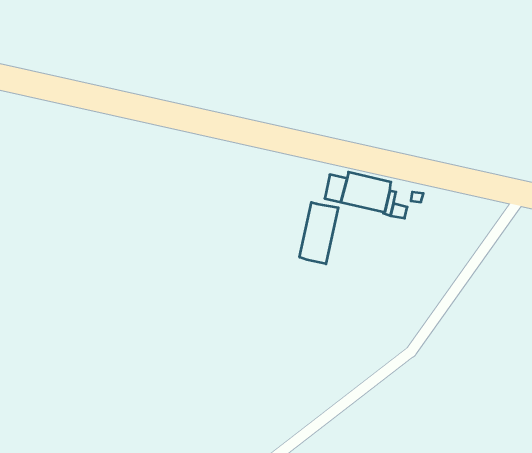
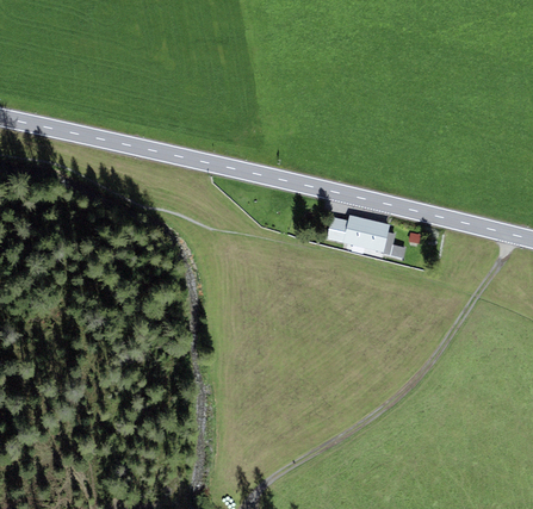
building: [300,202,338,264] -> none

